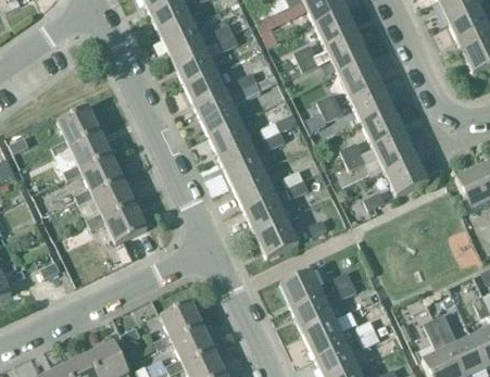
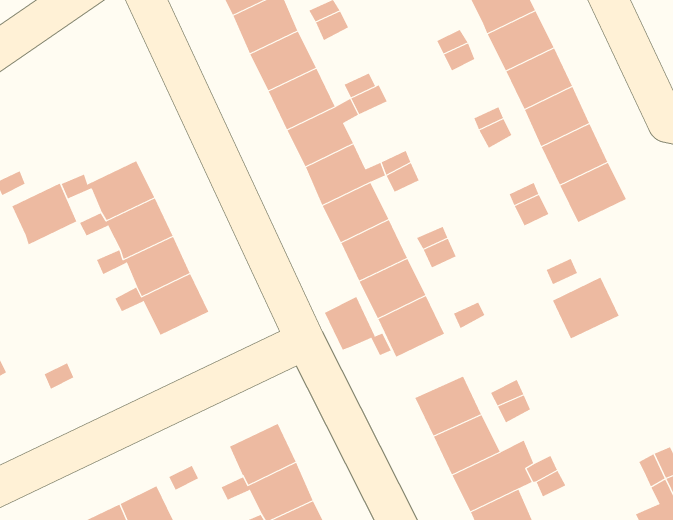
building: [59,105,101,146] -> [11,183,77,245]
building: [386,155,429,196] -> [552,277,619,339]
building: none -> [324,296,391,356]

